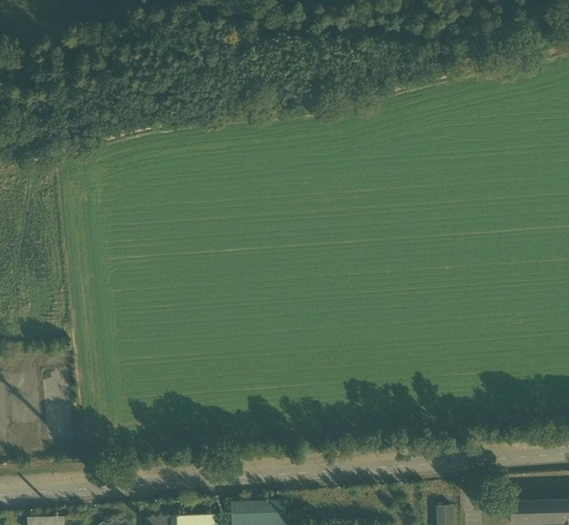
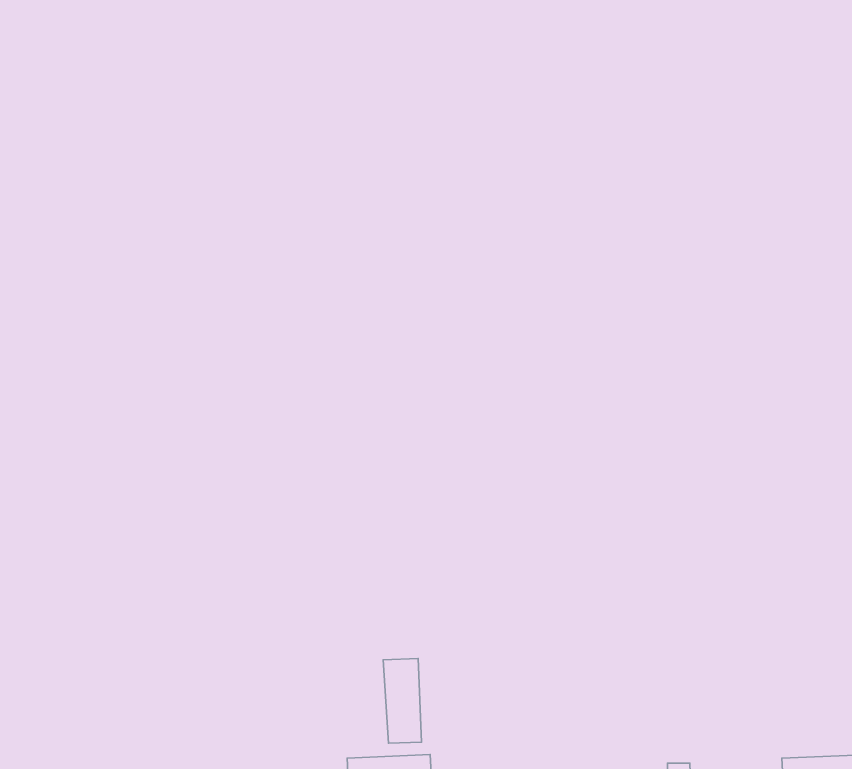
building: none -> [383,658,422,743]

